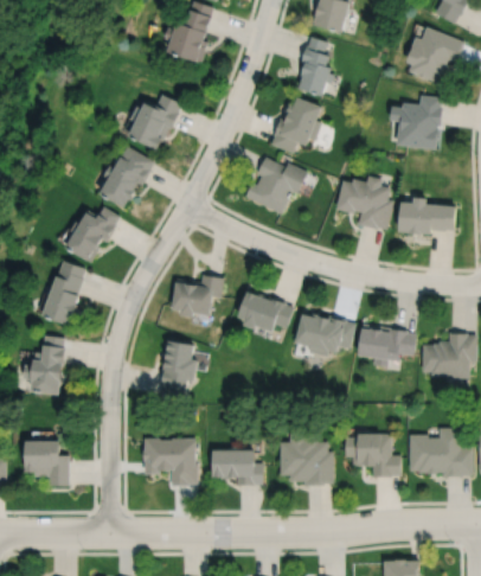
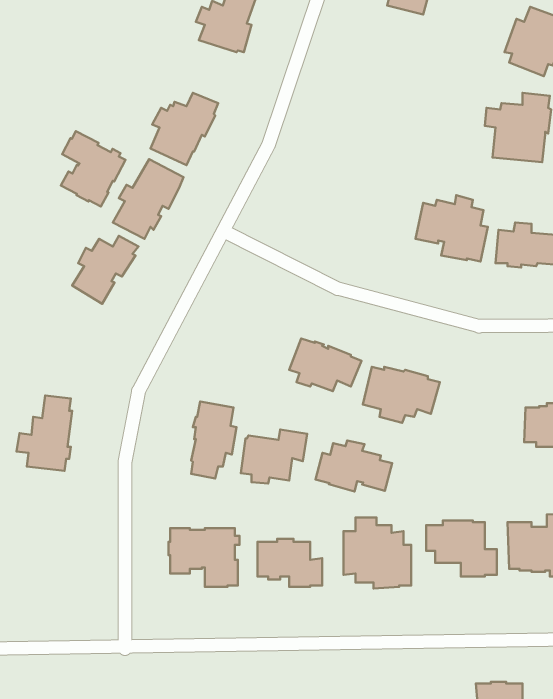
building: [299,38,334,98] -> none
building: [271,100,322,154] -> none
building: none -> [61,131,125,207]
building: [245,159,307,216] -> none
building: [43,260,86,326] -> none
building: [171,273,223,315] -> [241,429,307,484]
building: [358,324,416,366] -> none
building: none -> [316,440,392,492]
building: [25,440,70,486] -> none

